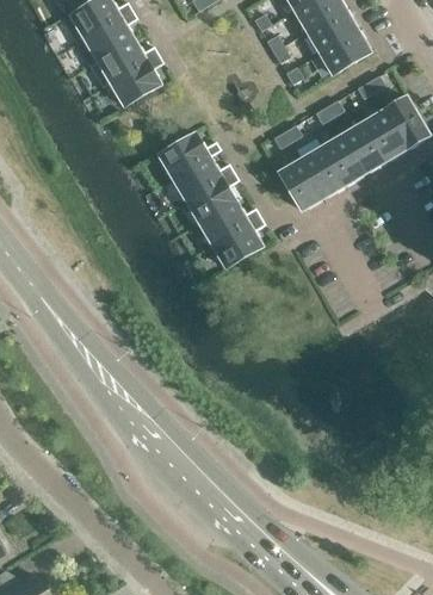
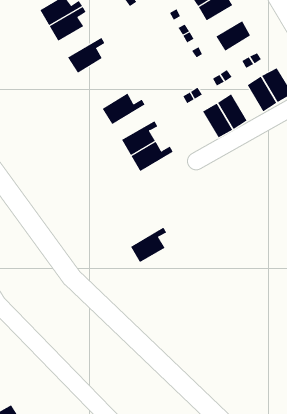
building: [307,8,358,52] -> none
building: [97,38,159,82] -> none
building: [342,122,386,172] -> none
building: [173,156,234,199] -> none
building: [279,159,323,210] -> none
building: [212,216,265,267] -> [130,227,167,263]

